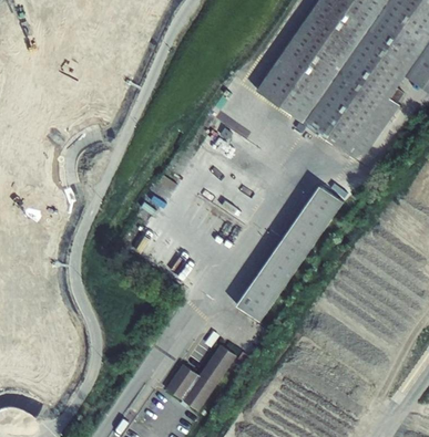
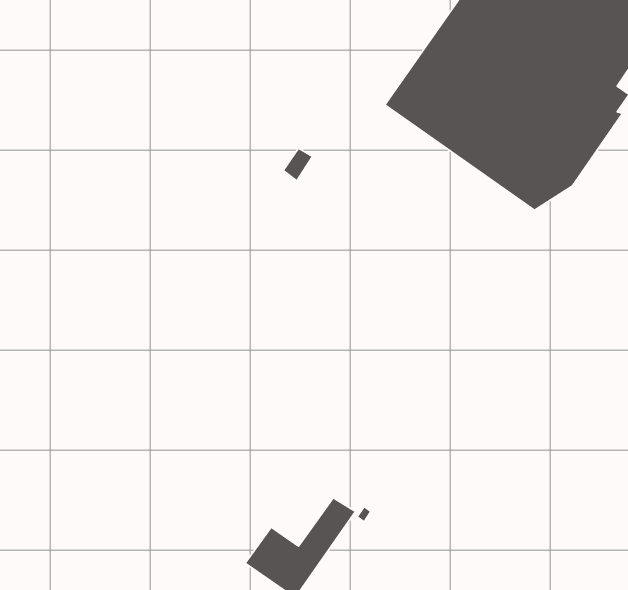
building: [234,191,339,324] -> none

